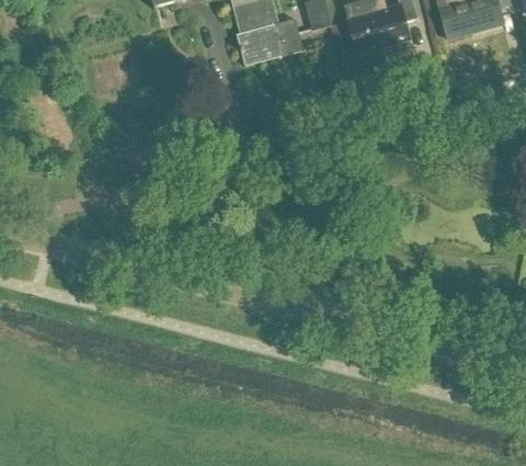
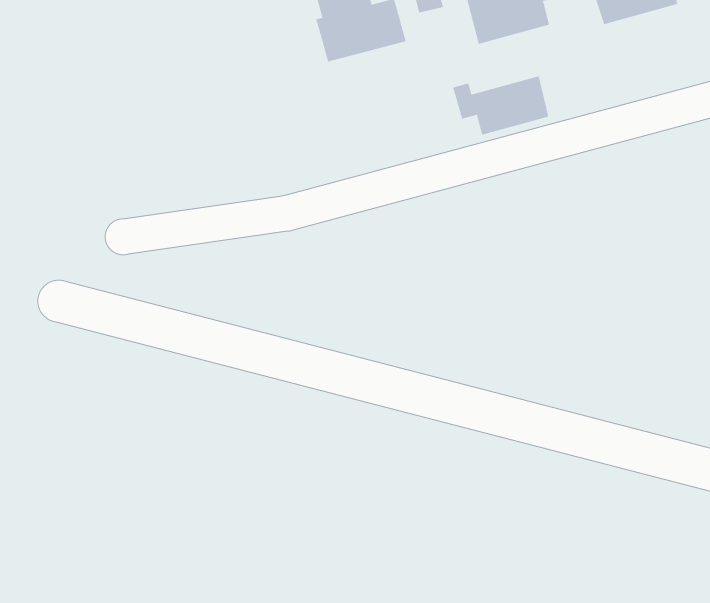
building: none -> [453,76,549,135]

